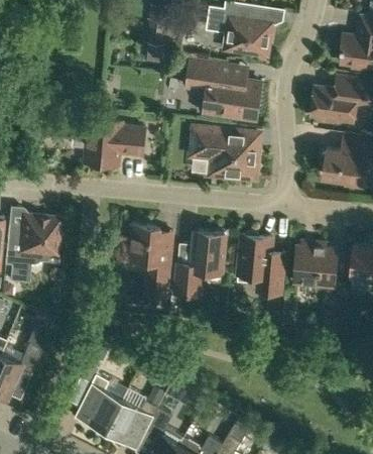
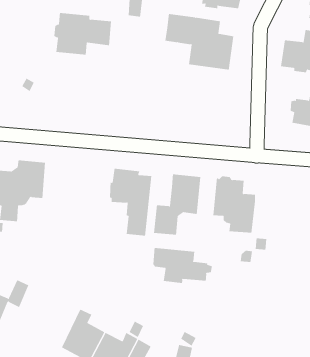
building: [83,119,145,164] -> [53,13,112,55]
building: [191,126,260,179] -> none
building: [293,241,338,287] -> none
building: none -> [153,247,212,284]

